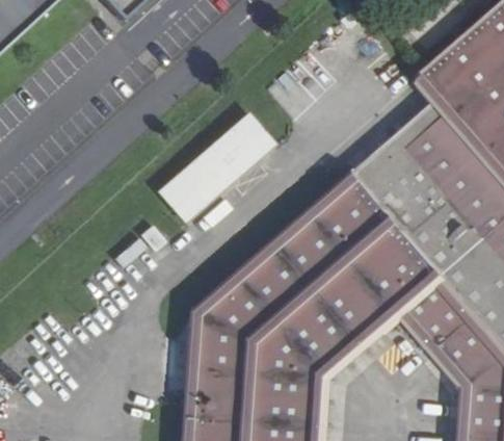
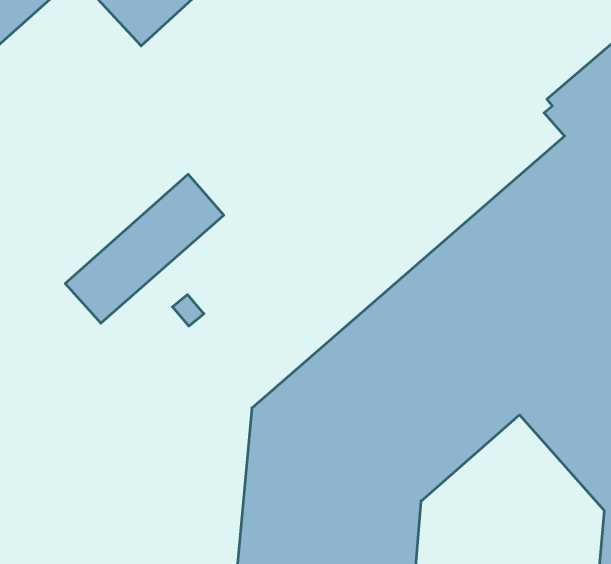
building: [155,111,275,225] -> [65,174,224,323]

